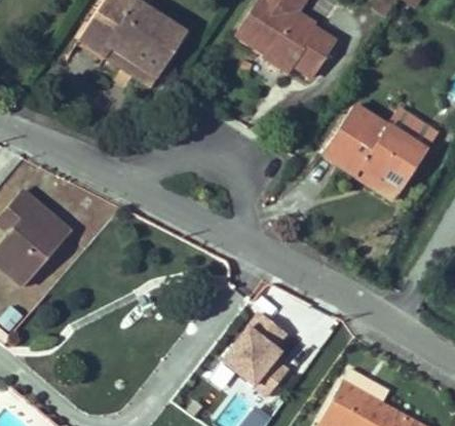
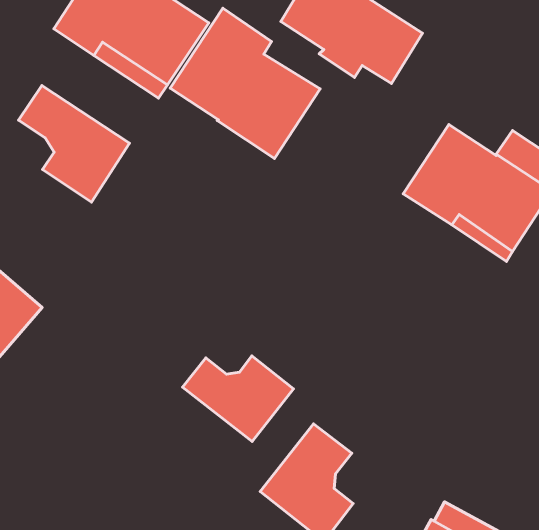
building: none -> [170,8,320,158]
building: none -> [18,85,130,202]
building: none -> [182,356,293,441]

